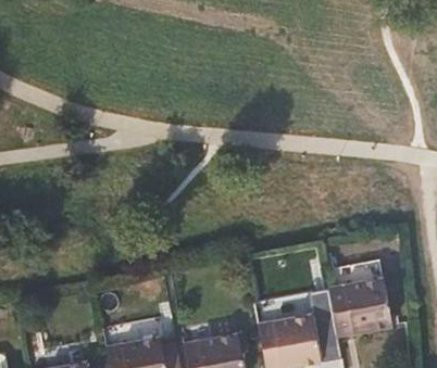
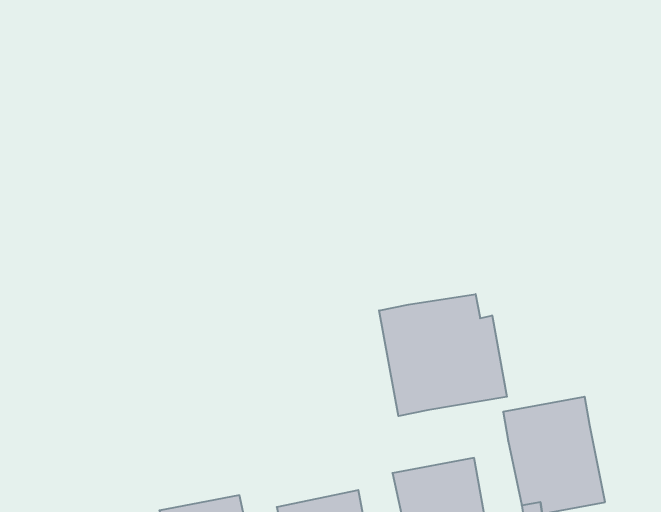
building: none -> [379,294,507,416]

